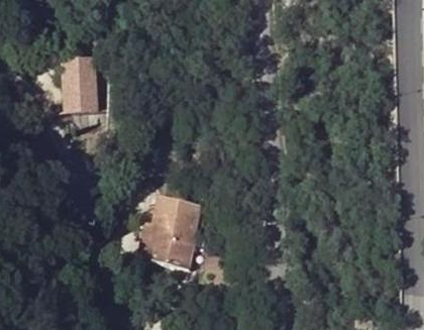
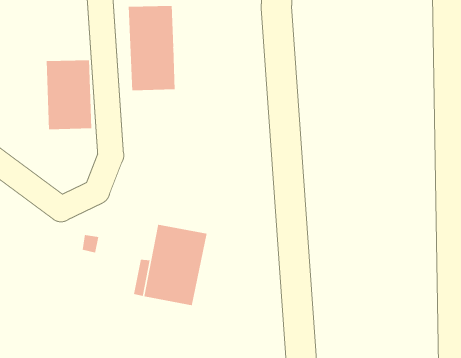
building: none -> [128,5,175,91]

